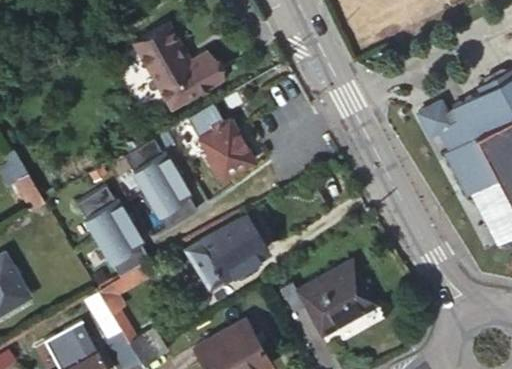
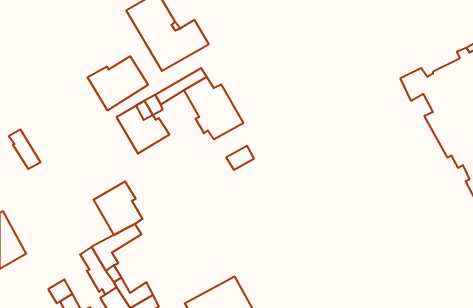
building: none -> [87,56,148,110]
building: [145,173,196,229] -> none
building: [77,187,132,241] -> none
building: [186,214,267,286] -> none
building: [281,260,378,336] -> none

